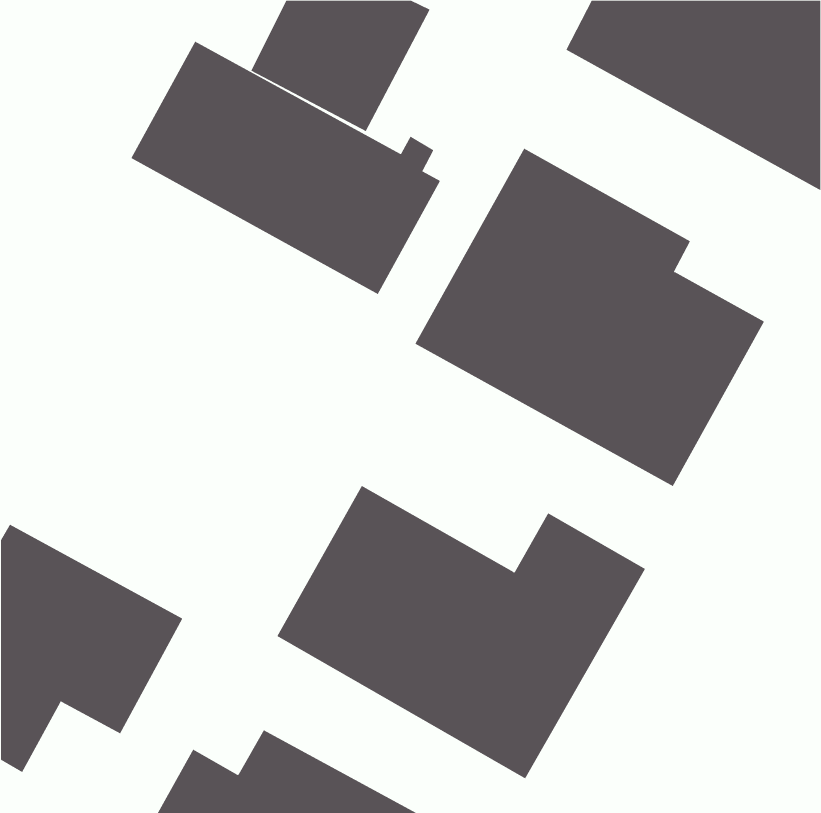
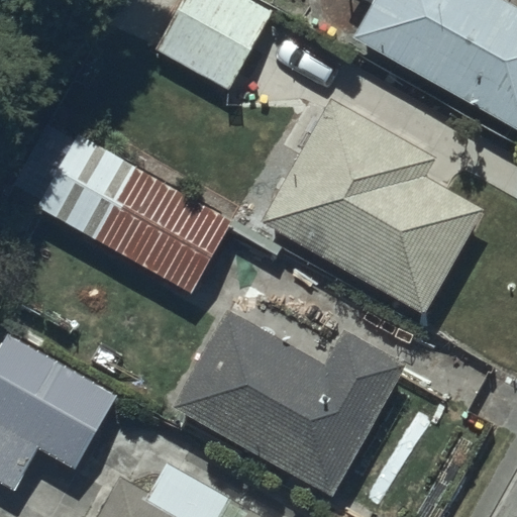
building: [131,41,441,295] -> [35,132,230,292]

